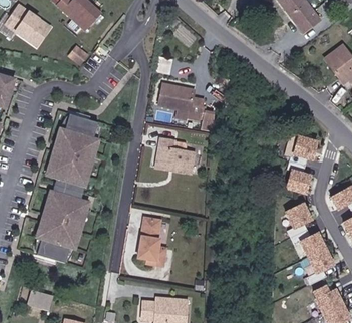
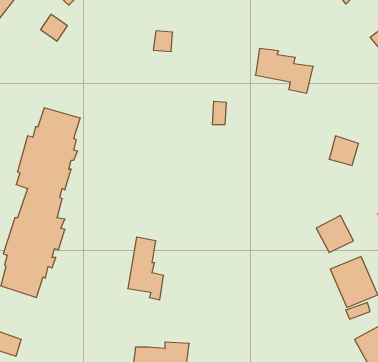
building: [158,80,204,115] -> [255,48,313,93]
building: [154,135,192,169] -> none
building: [286,171,311,193] -> none

